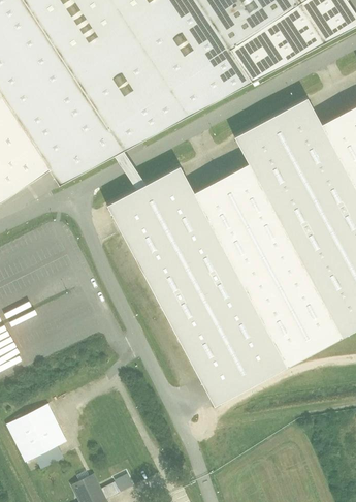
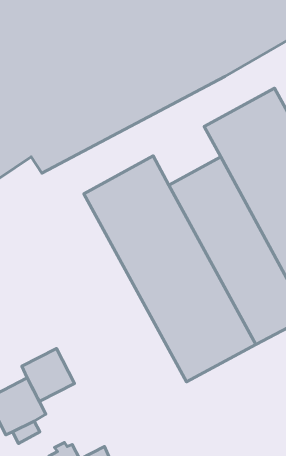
building: none -> [22,348,74,401]

